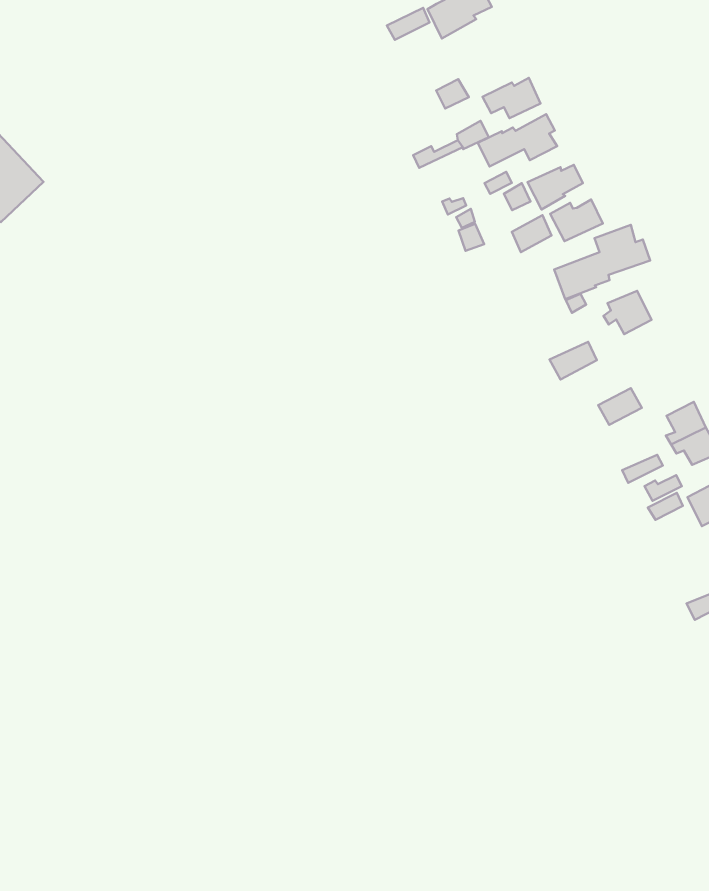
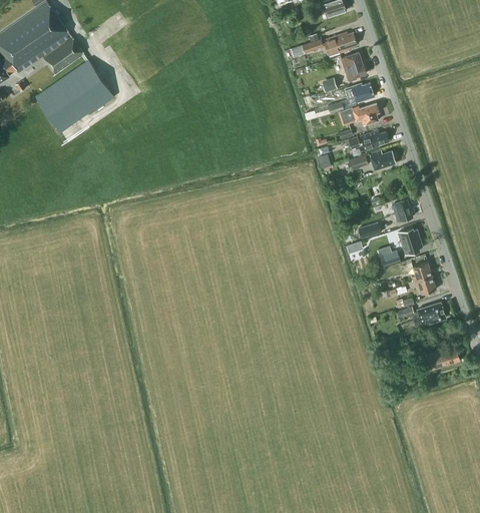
building: none -> [340,52,366,81]
building: [554,225,650,299] -> none
building: none -> [397,227,422,254]

